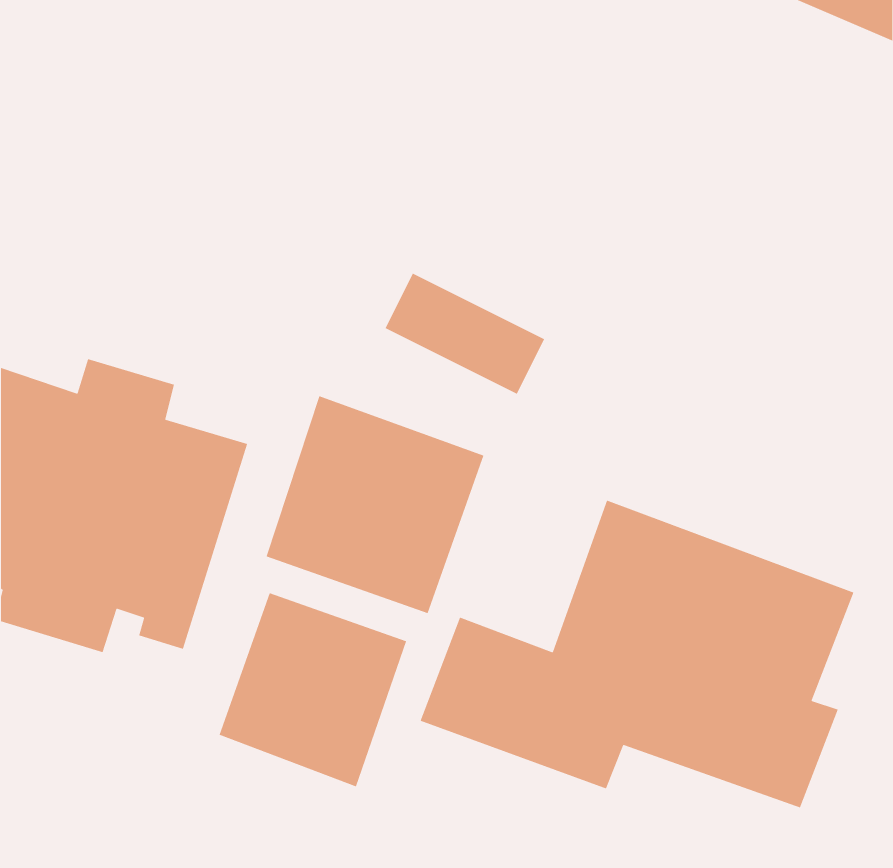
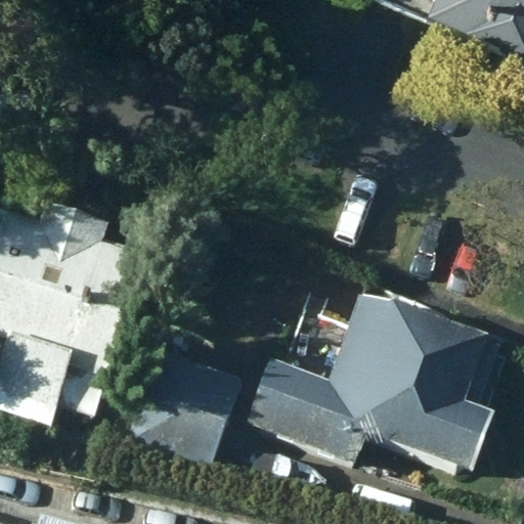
building: [266,395,484,614] -> none

